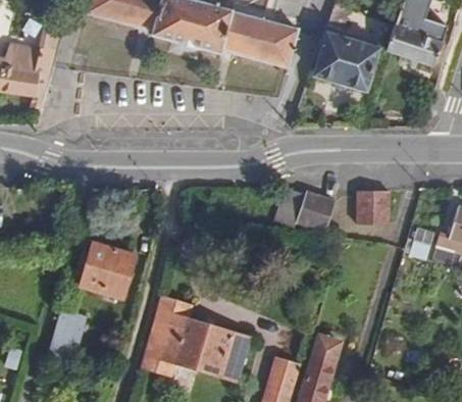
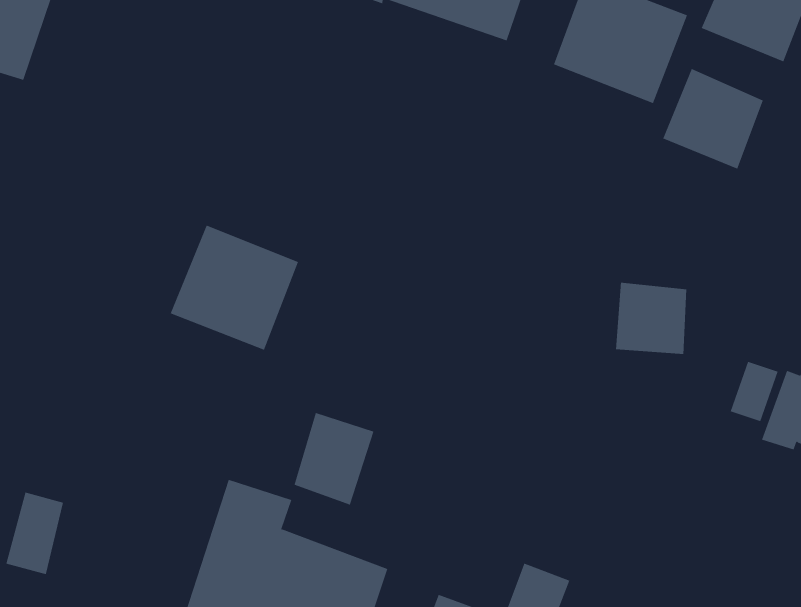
building: none -> [662,68,763,170]
building: [274,188,335,227] -> none
building: [74,240,139,302] -> [170,225,299,350]
building: none -> [294,412,374,506]

